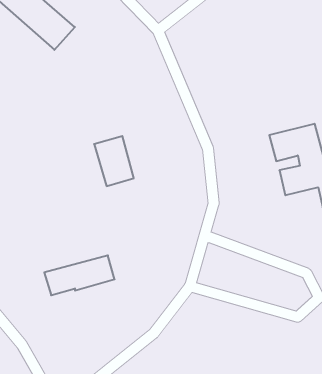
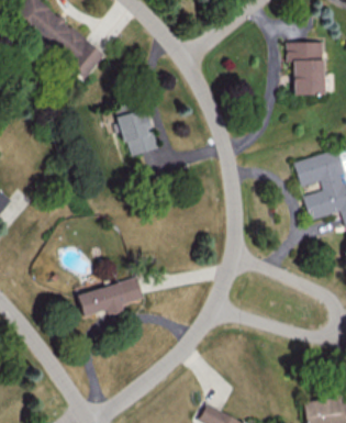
building: none -> [287,42,324,96]
building: [94,136,134,186] -> [118,109,156,157]

